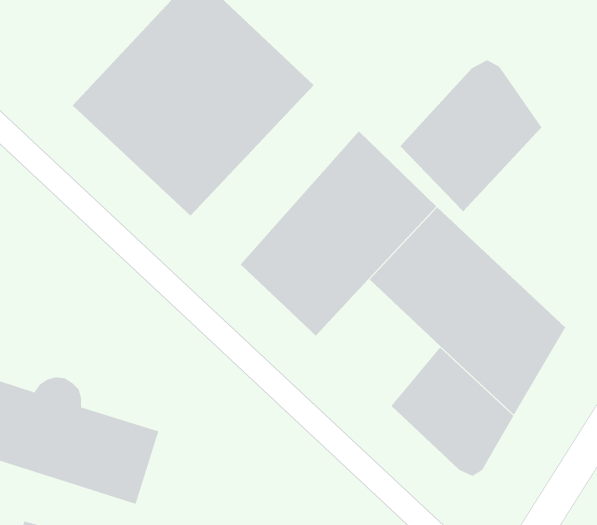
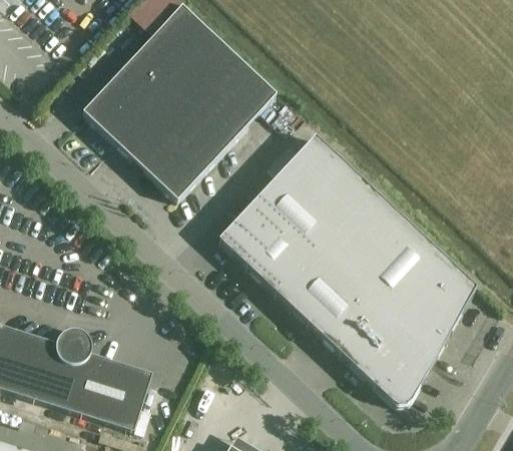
building: [400,59,542,212] -> none
building: none -> [277,250,375,350]

